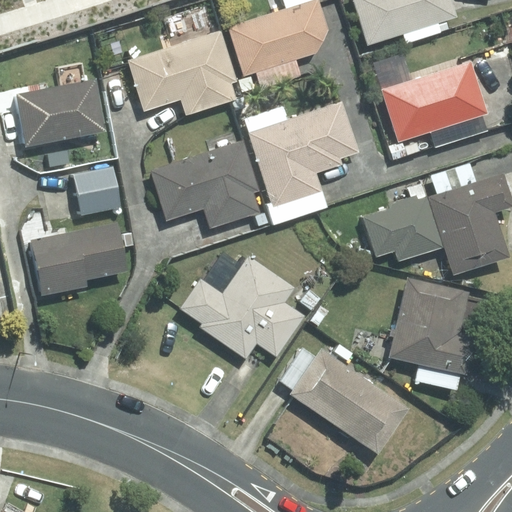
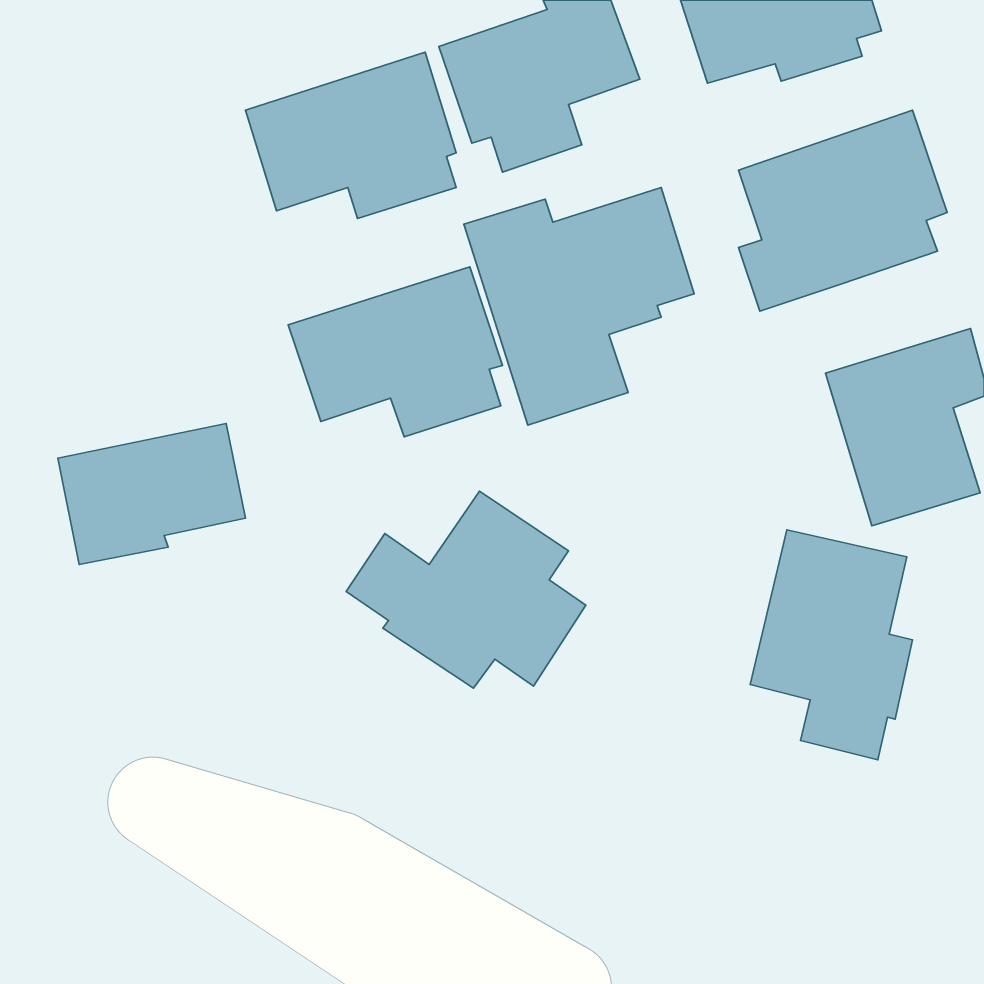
building: [16,77,106,146] -> none
building: [72,166,121,215] -> none
building: [362,193,443,263] -> none
building: [277,344,411,450] -> none

